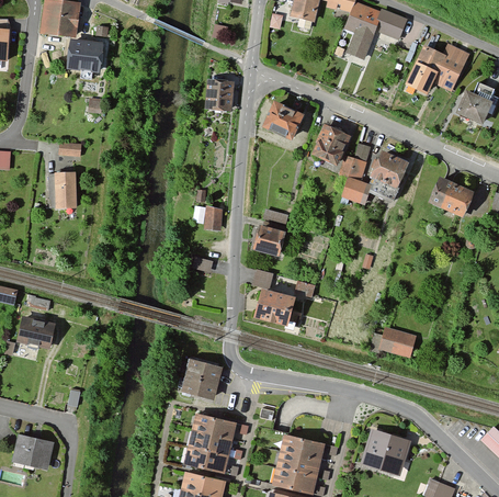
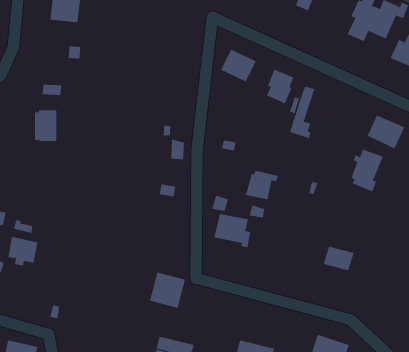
building: [206,79,234,112] -> none
building: [371,155,408,204] -> [351,149,383,192]
building: [253,222,292,256] -> [245,170,279,200]
building: [192,414,237,441] -> none

